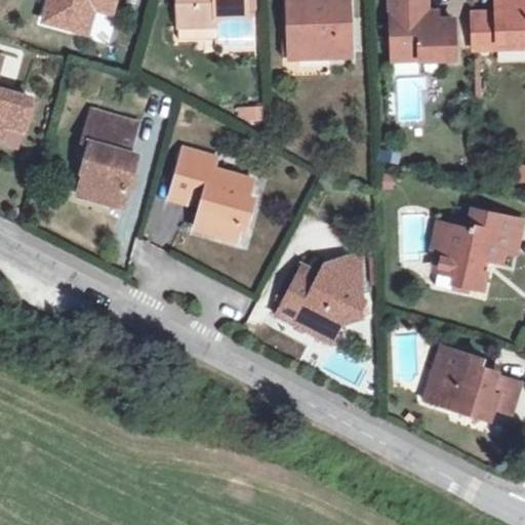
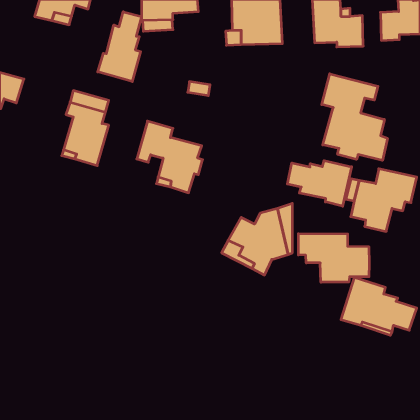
building: none -> [98,12,142,82]
building: none -> [322,74,387,160]
building: none -> [287,161,352,206]
building: none -> [298,234,369,282]

